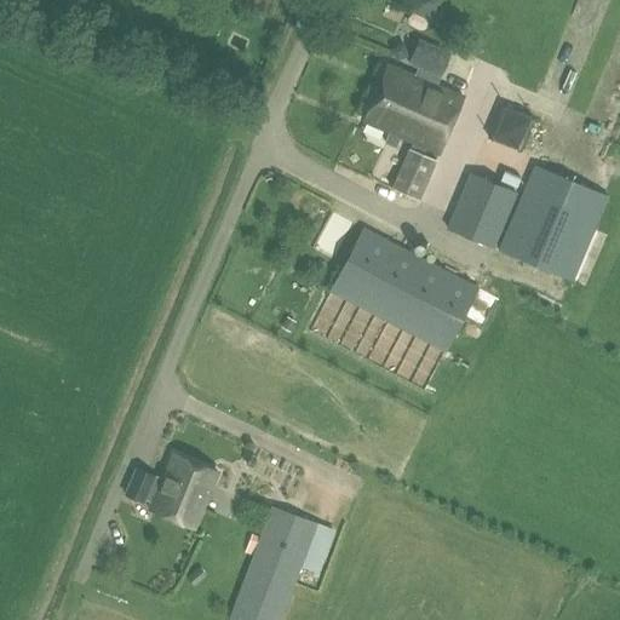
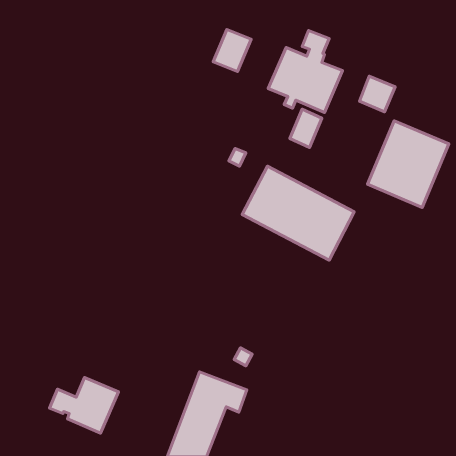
building: none -> [213,29,251,72]
building: [447,172,519,249] -> none
building: [126,453,219,528] -> [50,378,118,433]

